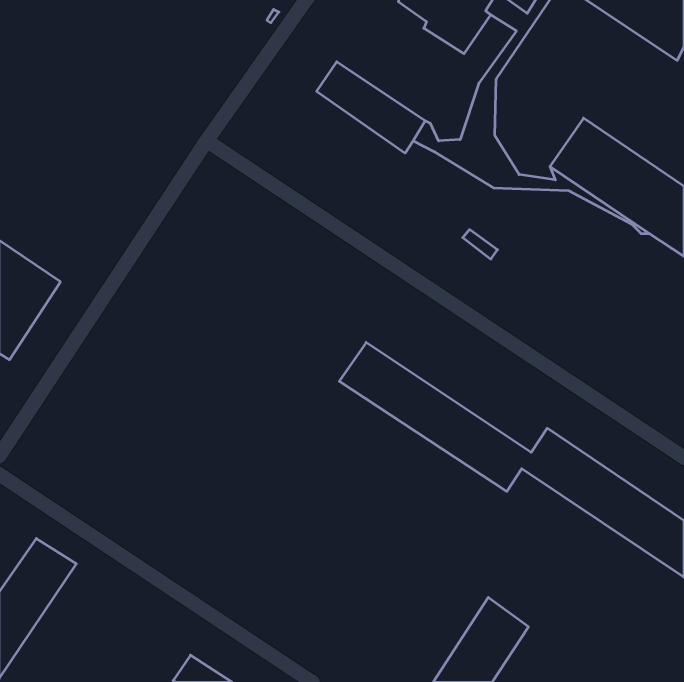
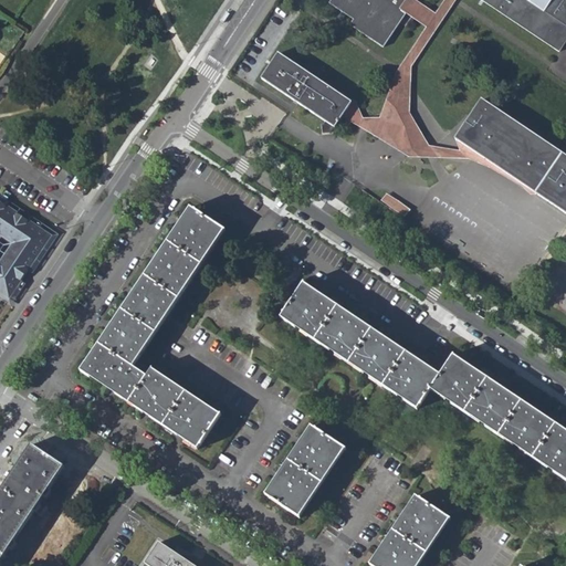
building: none -> [78,207,222,446]
building: none -> [265,426,343,515]

